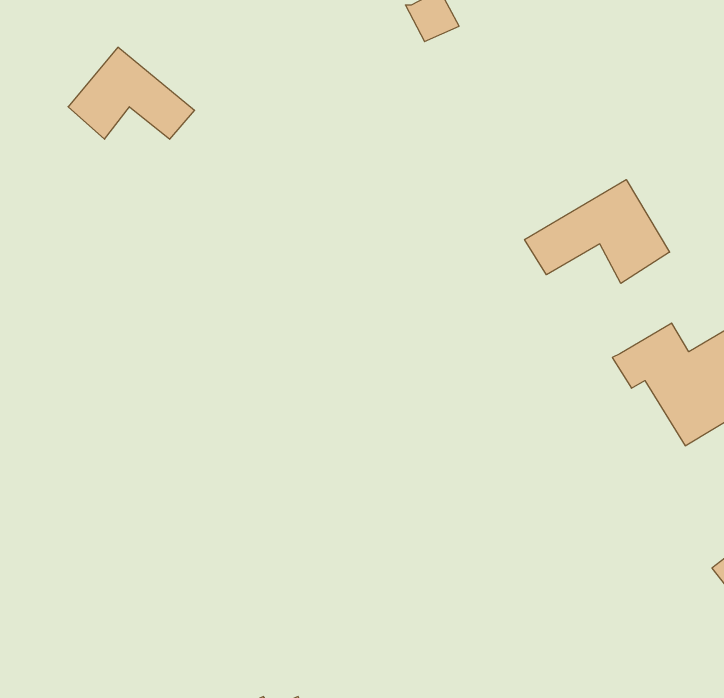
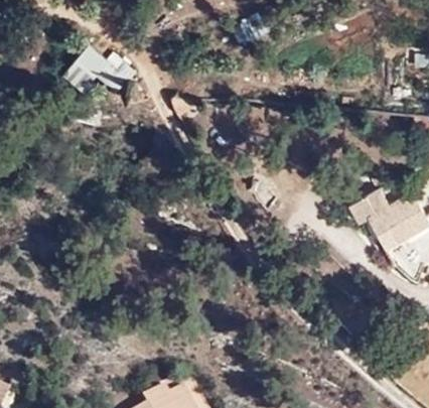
building: [525,180,670,283] -> none

